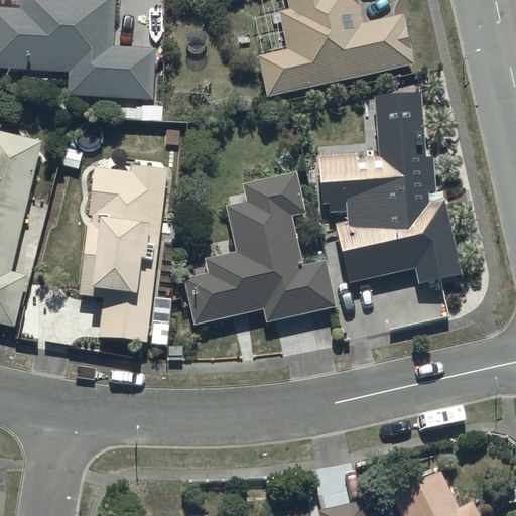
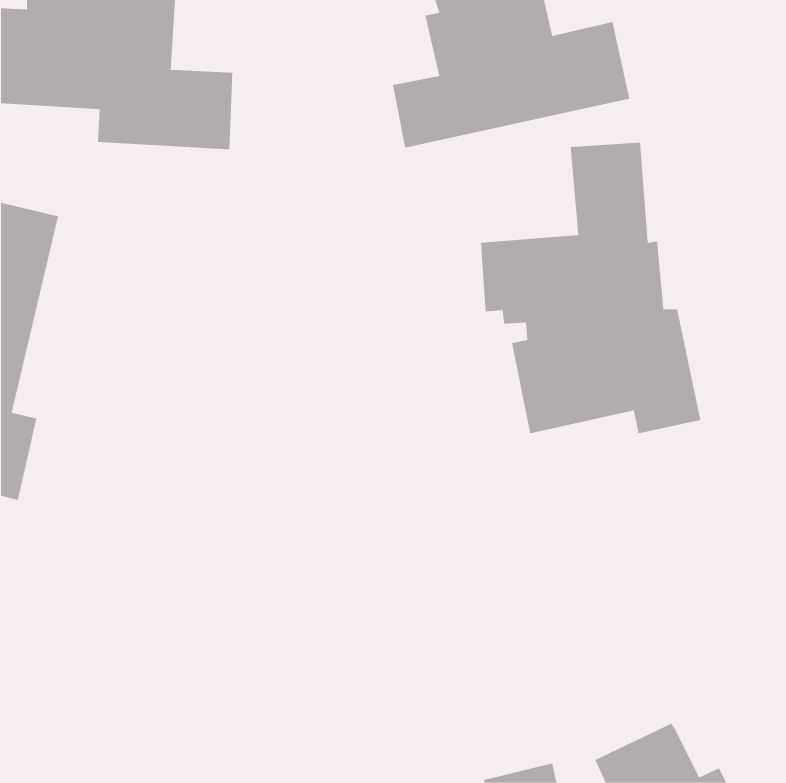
building: [77,151,166,345] -> none
building: [182,171,335,324] -> none

